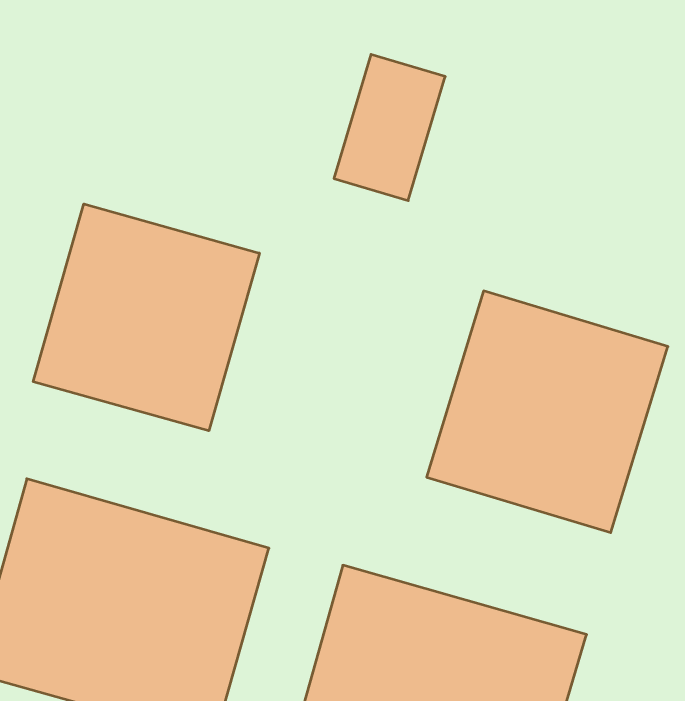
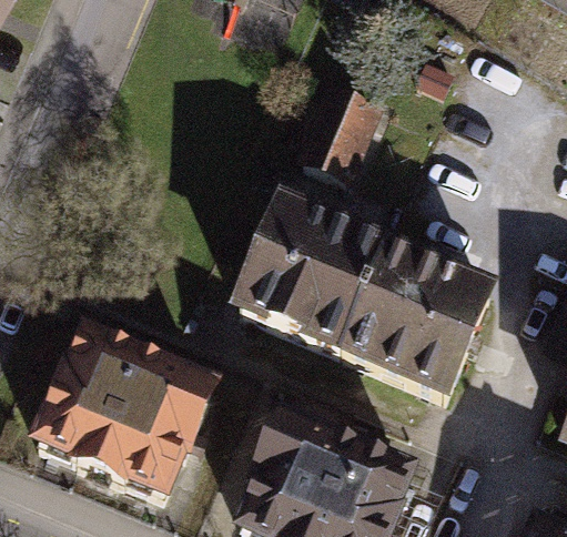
building: [33,204,259,431] -> none
building: none -> [222,193,388,359]

